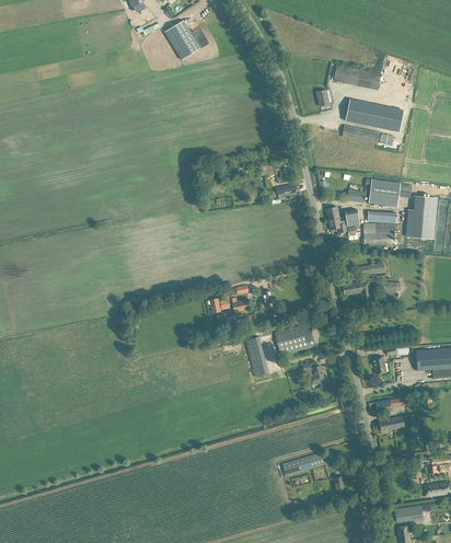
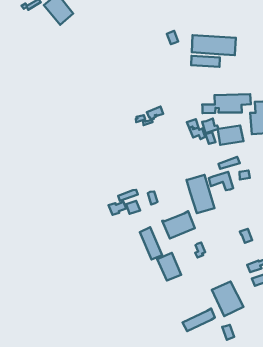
building: [334,63,380,89] -> none
building: none -> [187,175,215,213]
building: none -> [157,253,181,280]
building: none -> [212,282,243,316]

